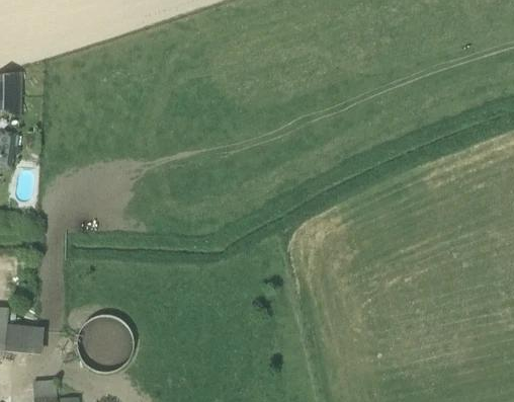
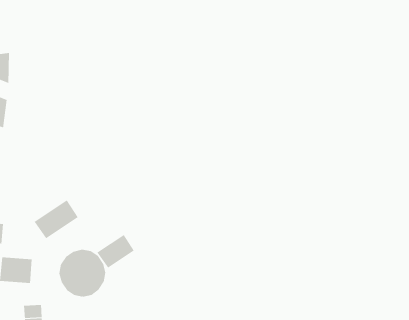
building: none -> [34,200,78,239]
building: none -> [97,234,134,268]

